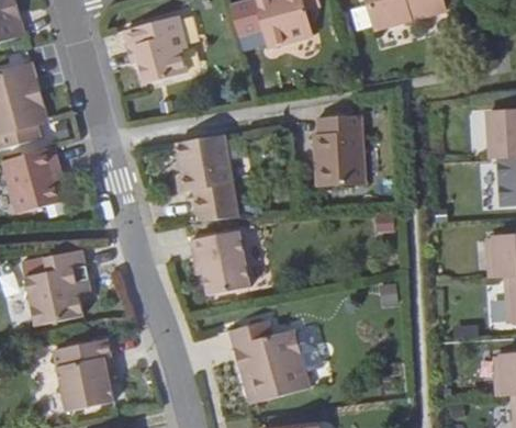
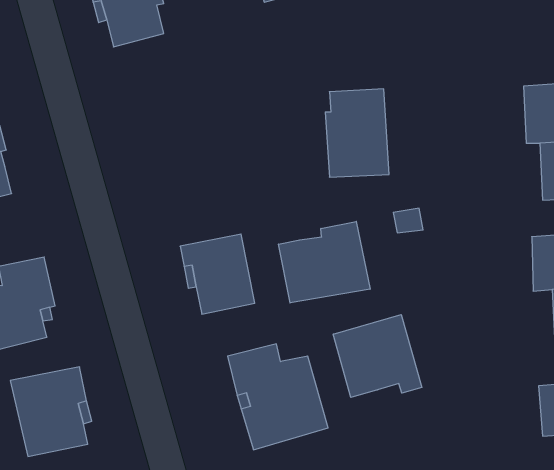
building: [173,133,233,221] -> none
building: none -> [279,221,370,303]
building: none -> [333,315,422,397]

